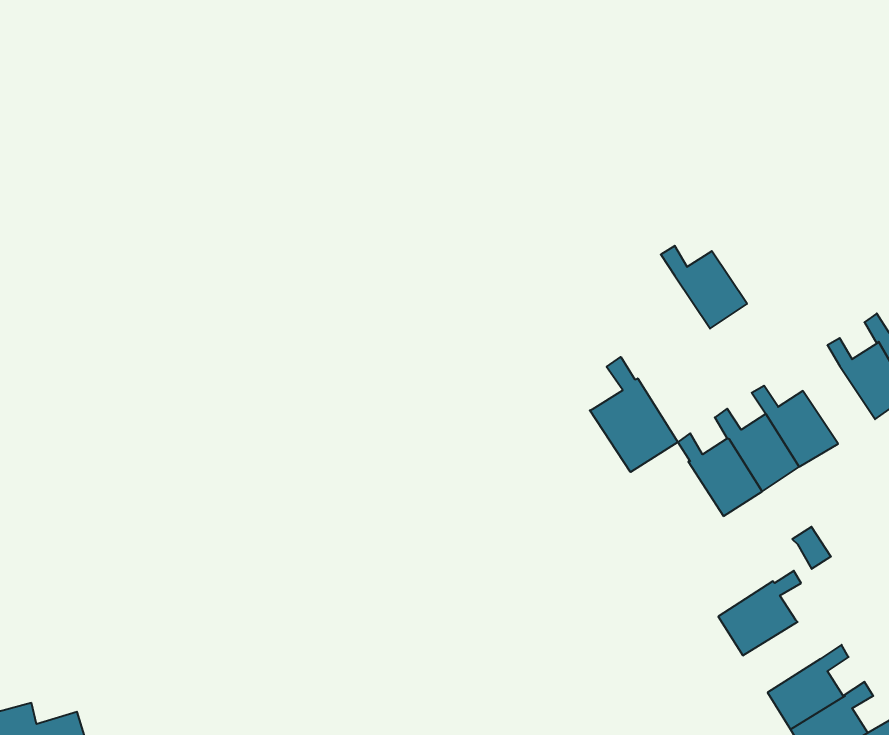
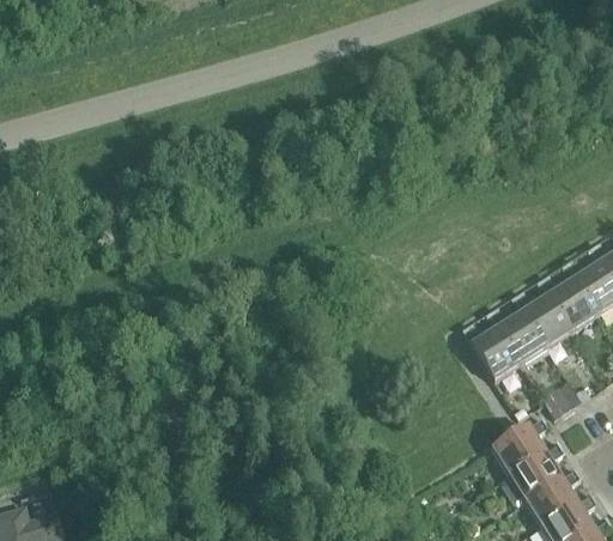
building: [661,246,747,329] -> [540,274,599,330]
building: [590,357,678,472] -> none
building: none -> [503,442,565,504]

